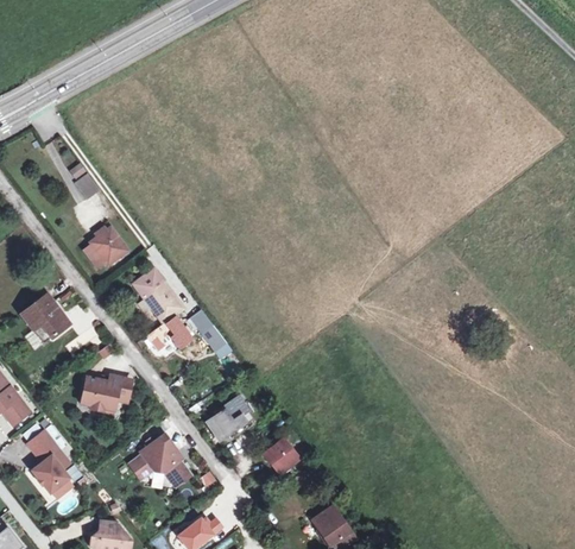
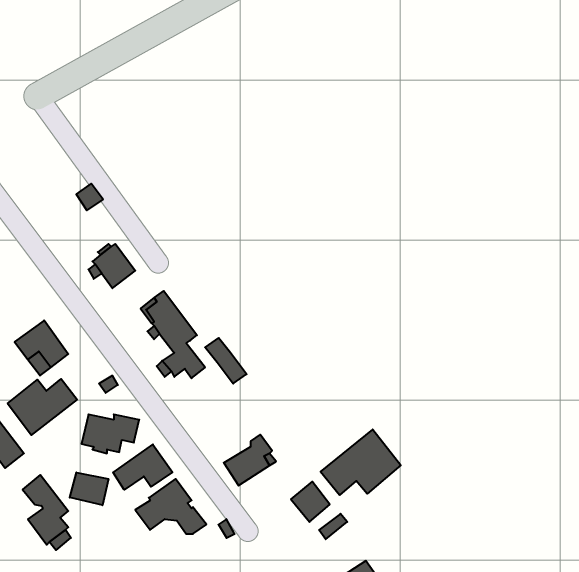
building: none -> [8,379,77,435]
building: none -> [321,429,401,495]
building: none -> [113,444,172,490]
building: none -> [70,472,108,505]

